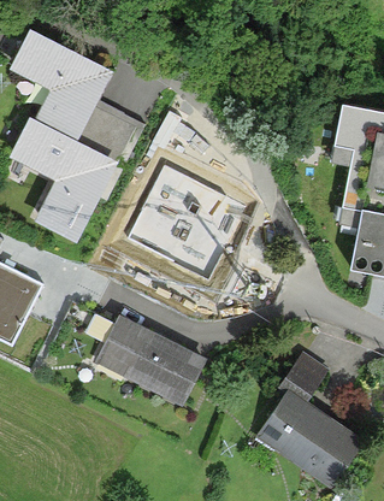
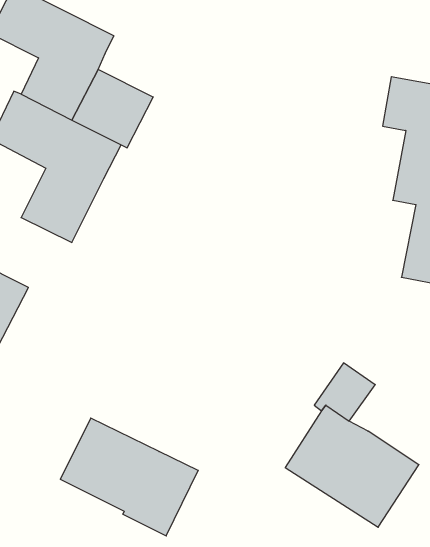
building: [131,166,242,273] -> none
building: [94,305,208,402] -> [60,418,198,536]

